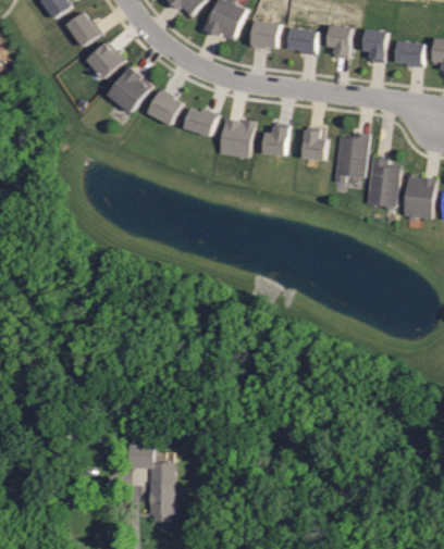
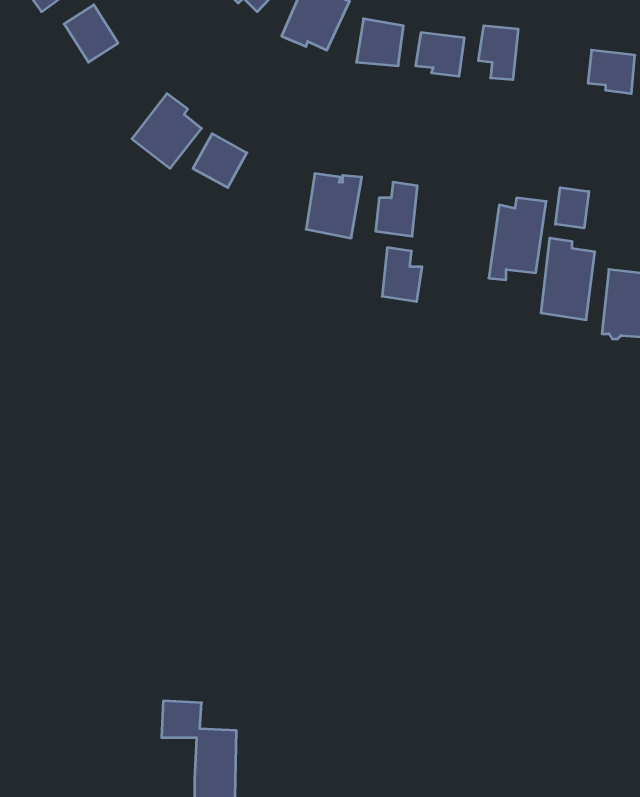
building: [362,27,387,62] -> none
building: [87,41,124,77] -> none
building: [185,107,218,136] -> none
building: none -> [555,188,589,228]
building: [303,126,328,160] -> [382,248,422,302]

